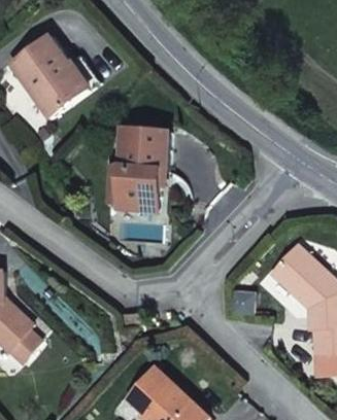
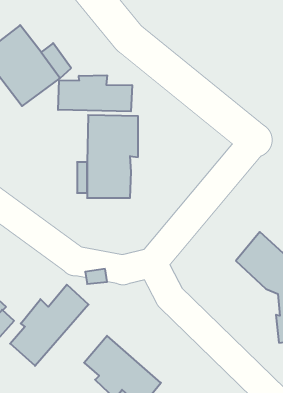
building: none -> [58,75,132,111]
building: none -> [10,285,89,366]

